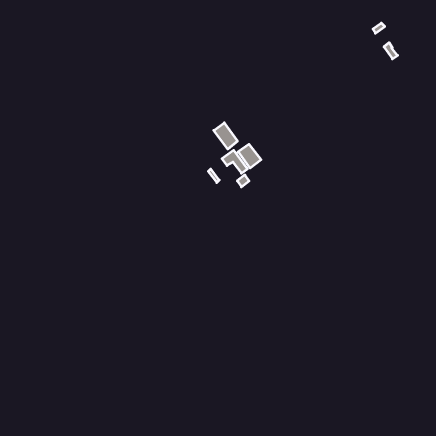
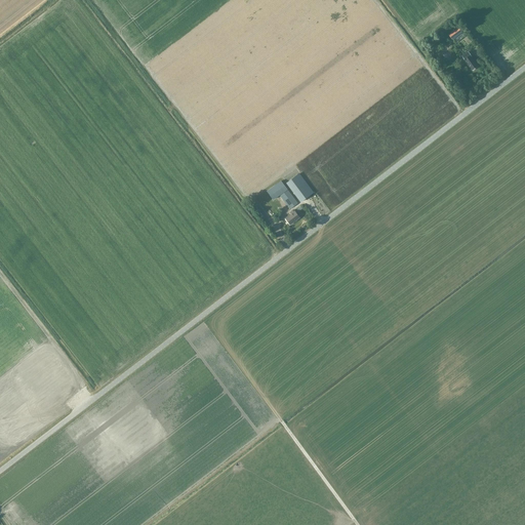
building: [214,123,237,149] -> none

